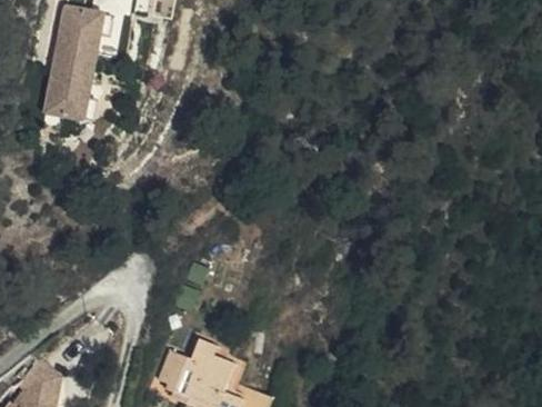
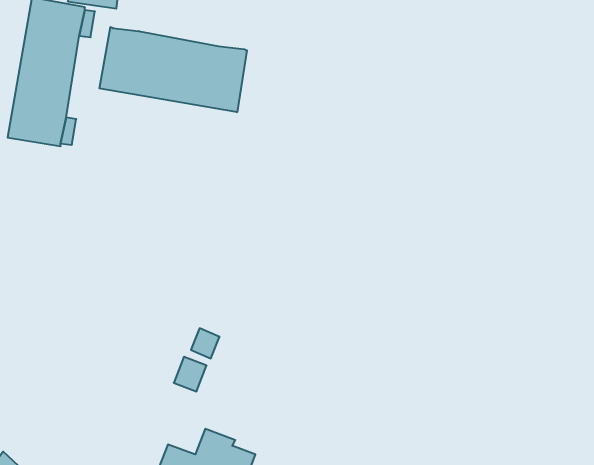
building: none -> [99,27,247,112]

